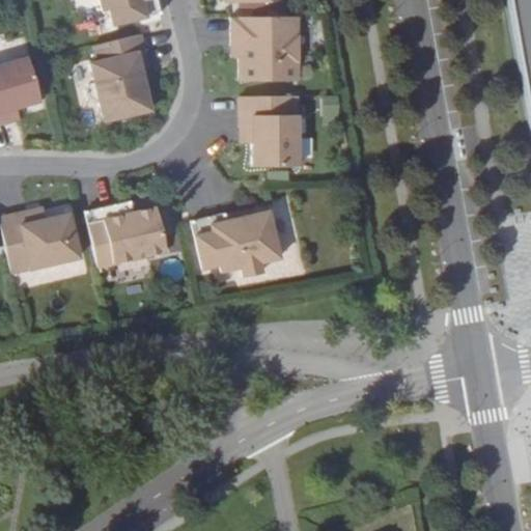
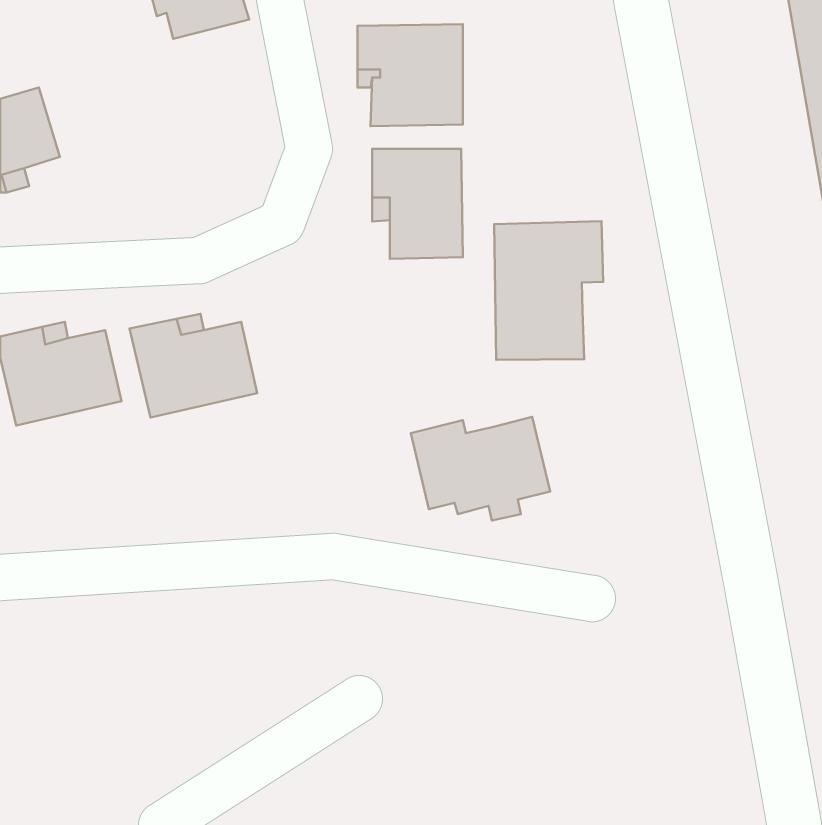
building: [87,33,152,121] -> none
building: none -> [494,221,603,360]
building: [193,209,282,276] -> [411,417,550,521]

